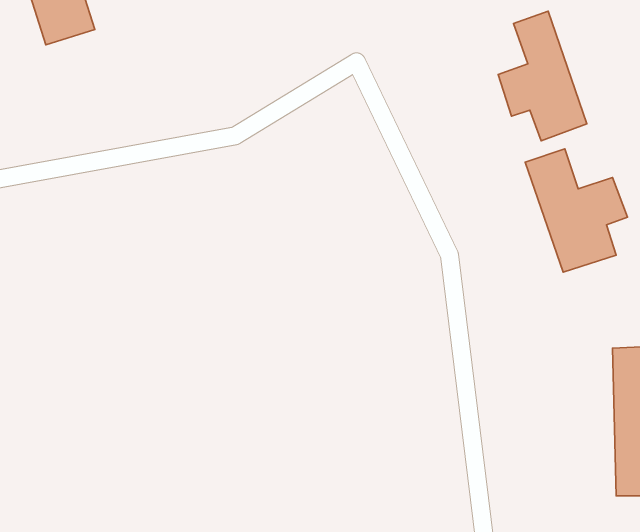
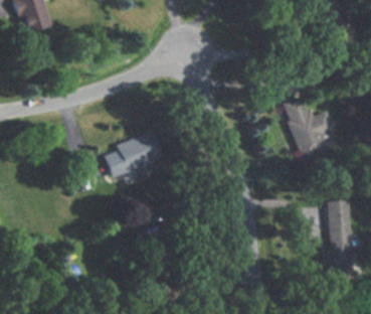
building: [498,11,587,141] -> none
building: none -> [103,132,163,178]

